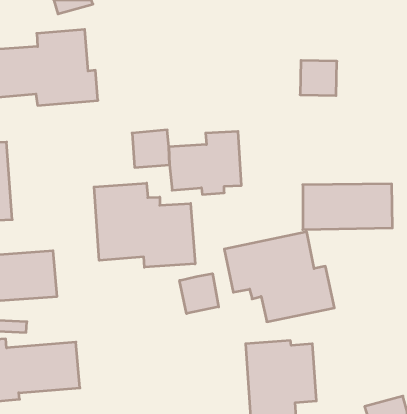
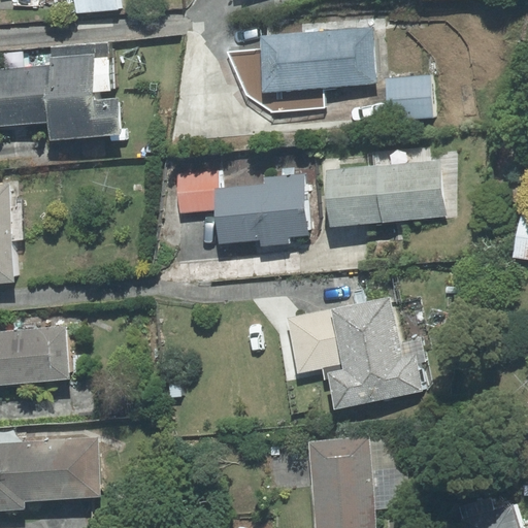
building: none -> [260,31,371,92]
building: [94,183,195,267] -> none
building: [303,184,392,230] -> [328,166,441,224]
building: [180,274,219,314] -> none

